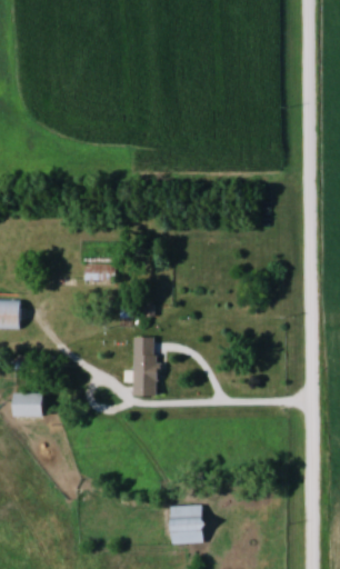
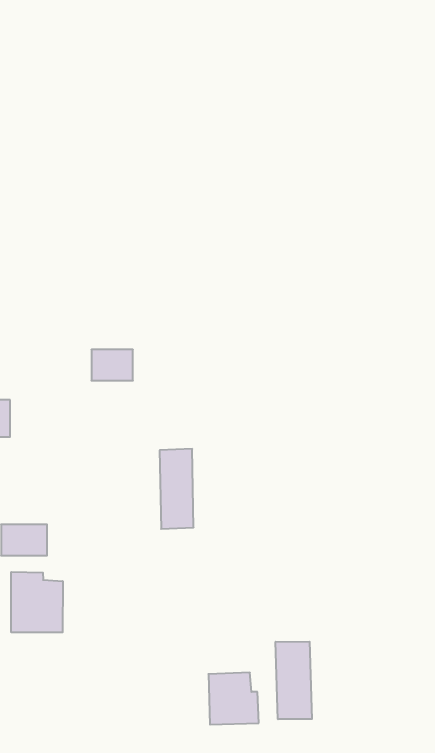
building: none -> [11,572,63,632]
building: none -> [276,642,312,719]

